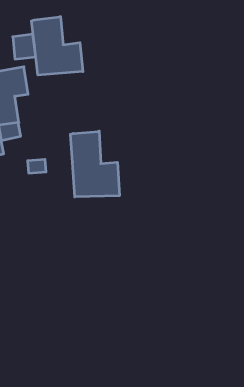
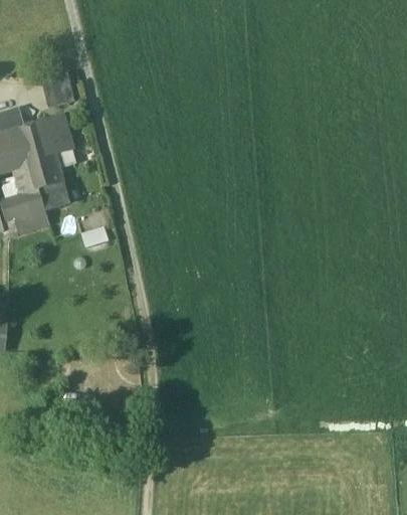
building: [31,17,83,75] -> none
building: [70,131,119,197] -> none

